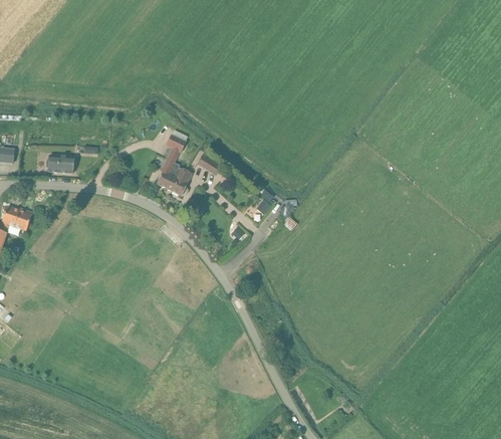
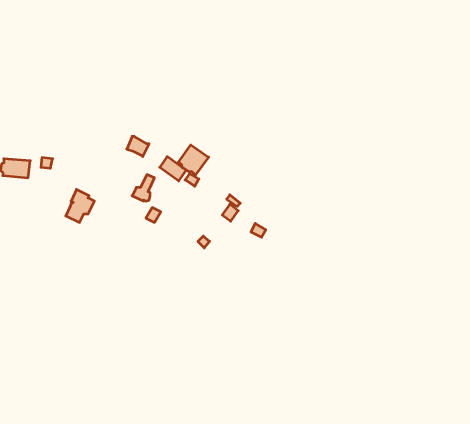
building: none -> [178,145,209,175]
building: [157,159,184,190] -> [66,189,94,222]

